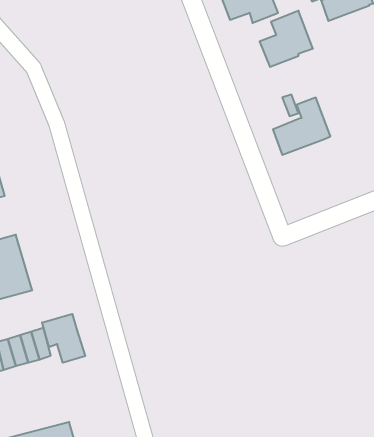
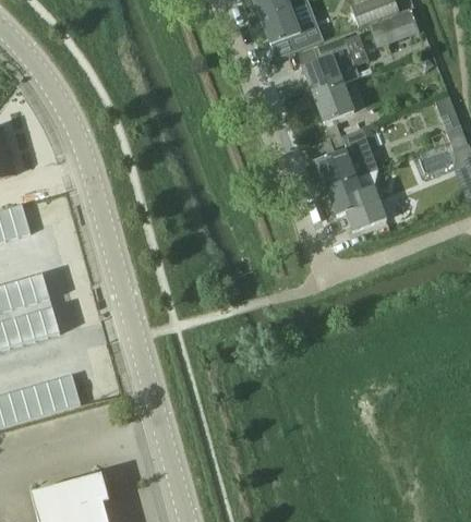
building: none -> [314,84,355,124]
building: none -> [327,170,387,231]
building: [42,314,85,363] -> none

